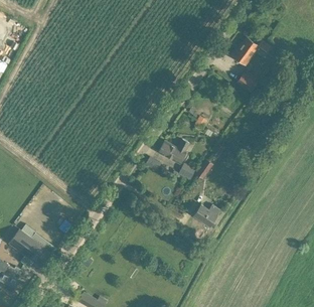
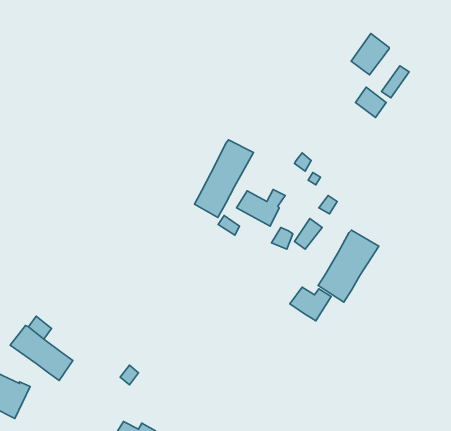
building: none -> [194,140,254,217]
building: none -> [318,230,379,302]

